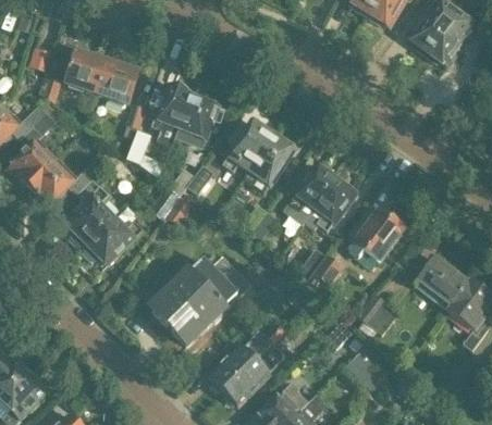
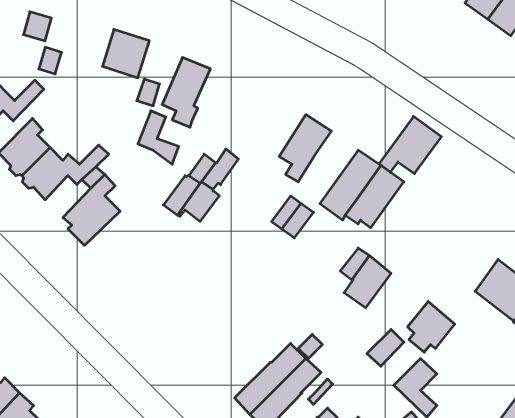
building: [66,51,108,92] -> none
building: [175,95,224,149] -> none
building: [223,121,272,171] -> none
building: [349,210,403,259] -> [379,116,441,174]
building: [83,216,143,264] -> none
building: [153,255,293,343] -> none

